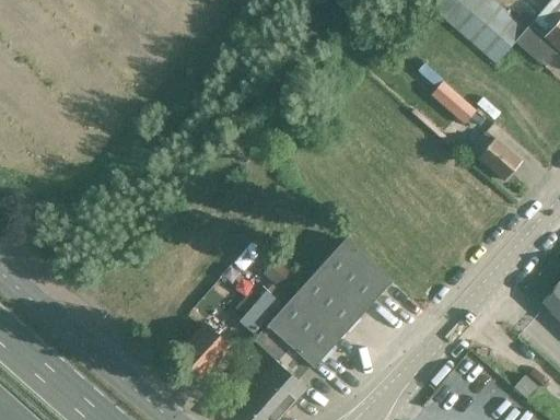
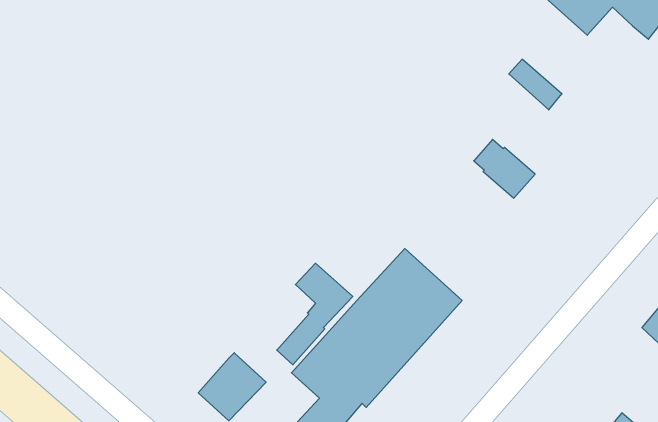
building: [472,131,523,179] -> [474,139,535,198]

